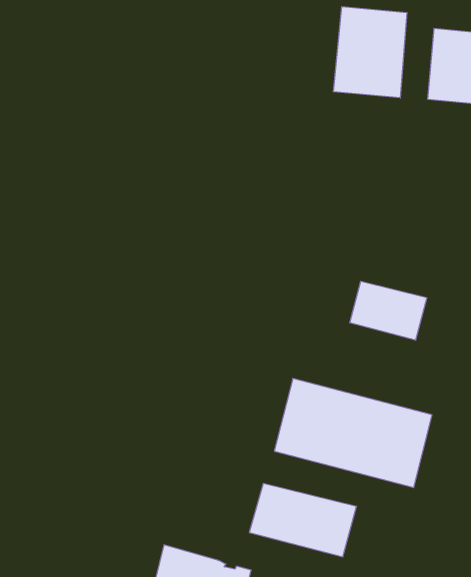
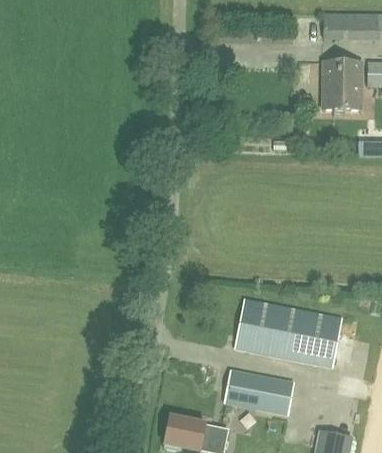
building: [333,7,407,98] -> none
building: [350,281,427,340] -> none

